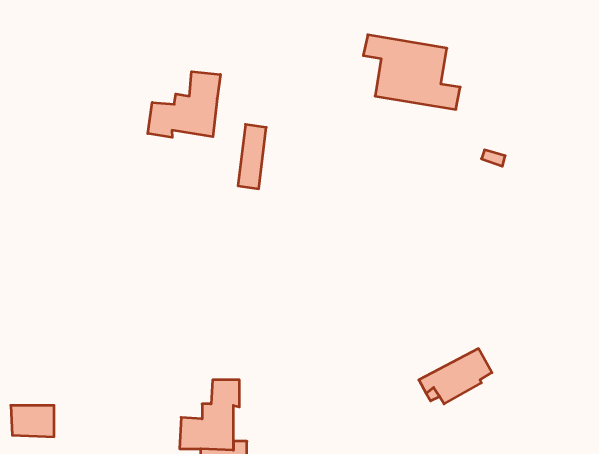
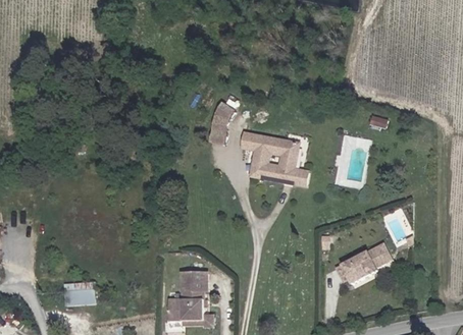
building: [363,35,460,109] -> [244,134,310,185]
building: [148,72,220,137] -> none

